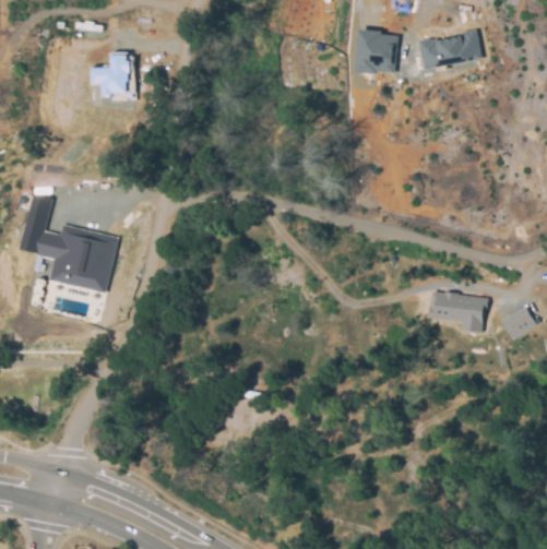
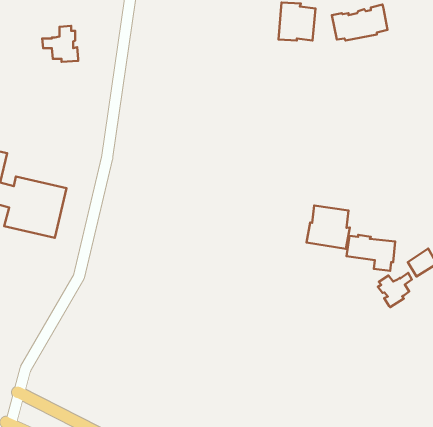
building: none -> [307,206,350,249]
building: none -> [378,273,412,307]

